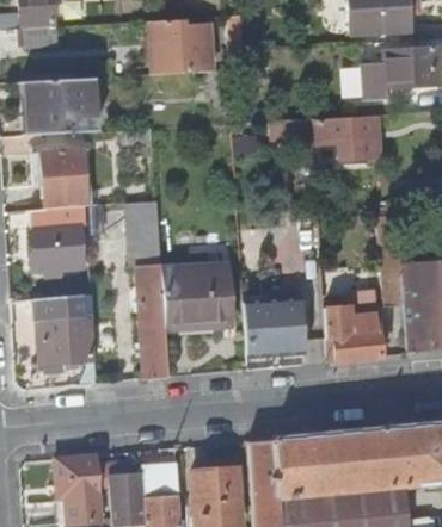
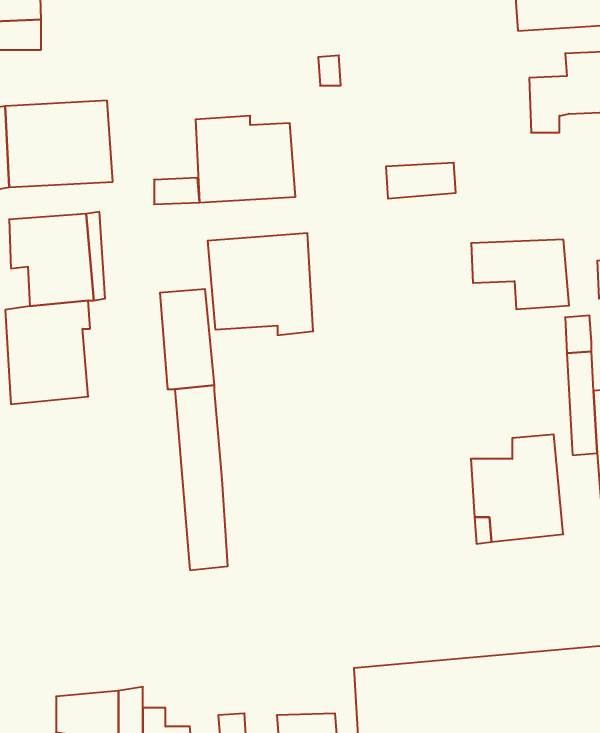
building: [149,21,213,76] -> [196,116,296,202]
building: [315,116,377,160] -> [471,240,569,309]
building: [161,259,228,323] -> [208,233,313,335]
building: [32,294,94,364] -> none
building: [244,294,305,353] -> none

